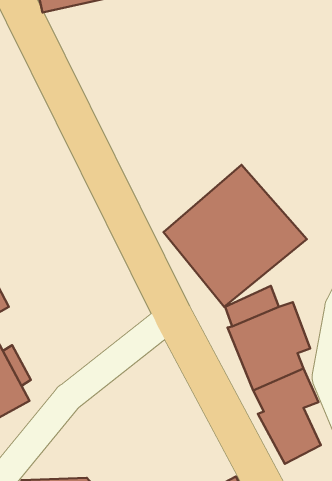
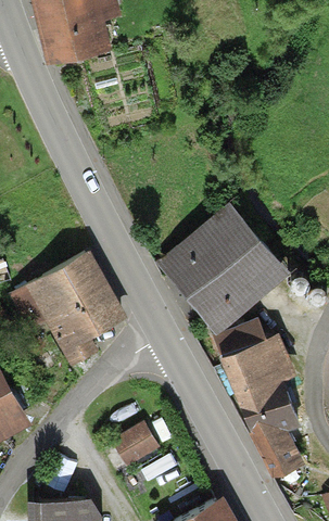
building: none -> [10,253,124,367]
building: none -> [110,424,159,471]

